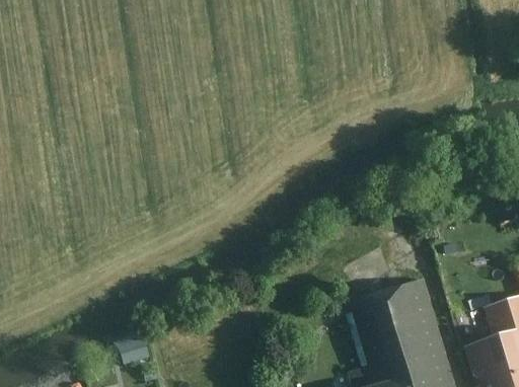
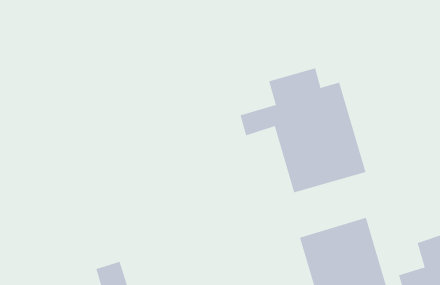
building: none -> [240,67,366,193]

